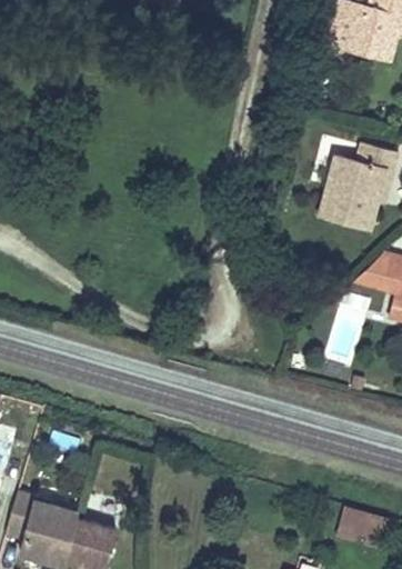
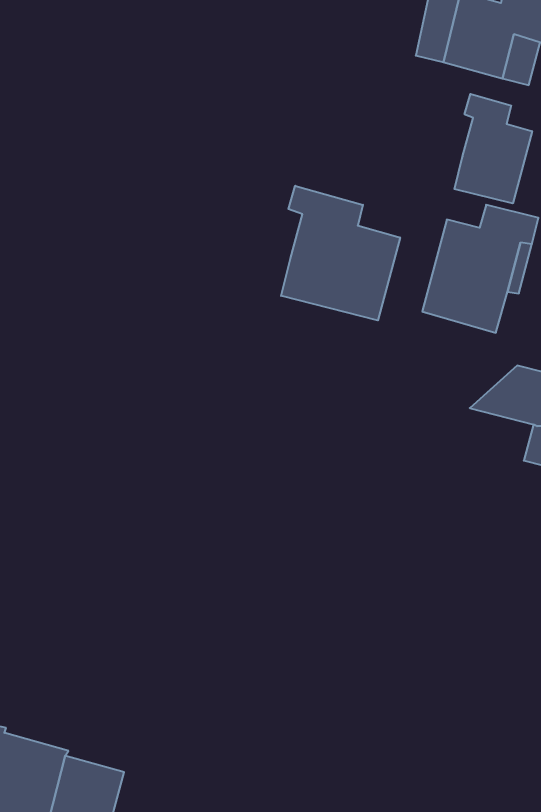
building: none -> [454,94,532,203]
building: none -> [281,186,400,320]
building: [335,507,390,542] -> none

